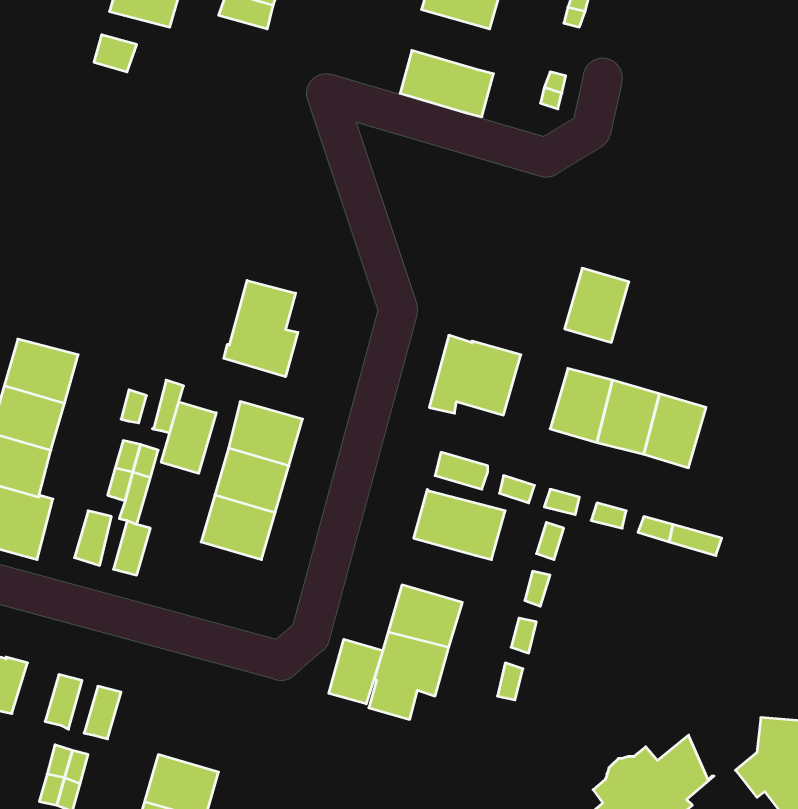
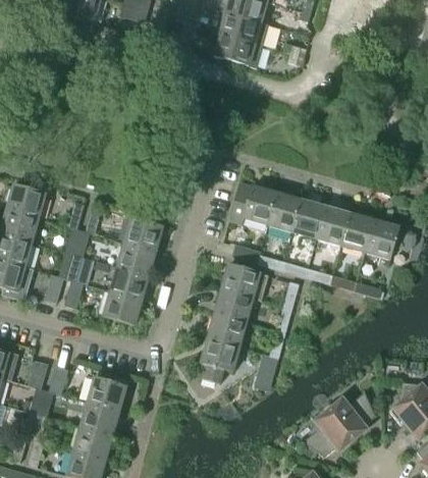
building: none -> [219,12,268,46]
building: [565,268,629,342] -> [267,193,301,231]
building: [224,280,298,377] -> none
building: [161,402,216,473] -> none
building: none -> [364,220,416,259]
building: none -> [214,288,253,322]
building: none -> [102,290,141,324]
building: [329,639,383,704] -> none
building: none -> [87,376,125,411]

